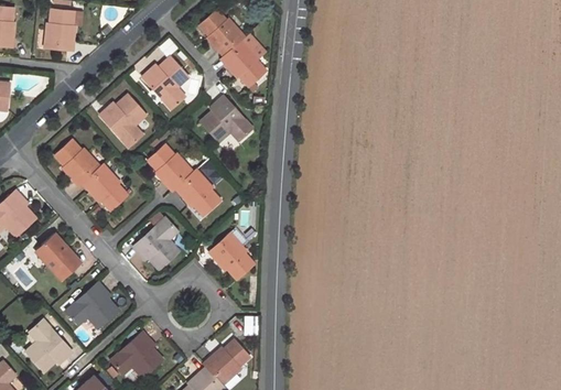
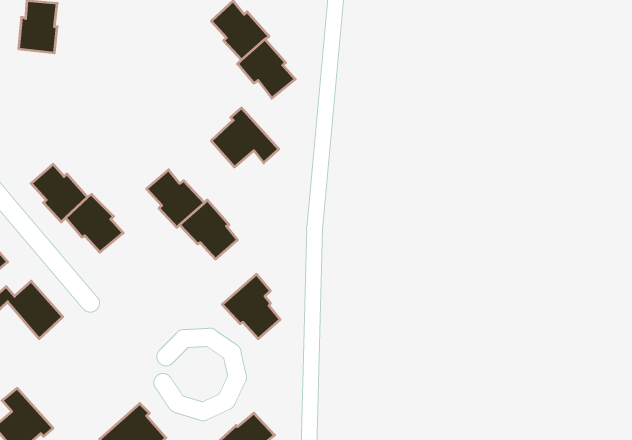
building: [141,56,188,109] -> none
building: [98,94,145,147] -> none
building: [132,217,180,270] -> none
building: [65,281,118,328] -> none

